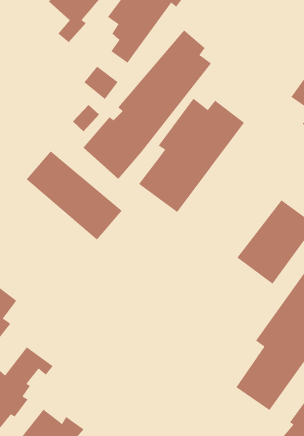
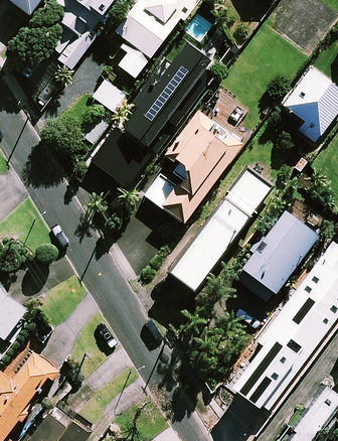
building: [26,150,122,241] -> none
building: none -> [170,170,270,288]

